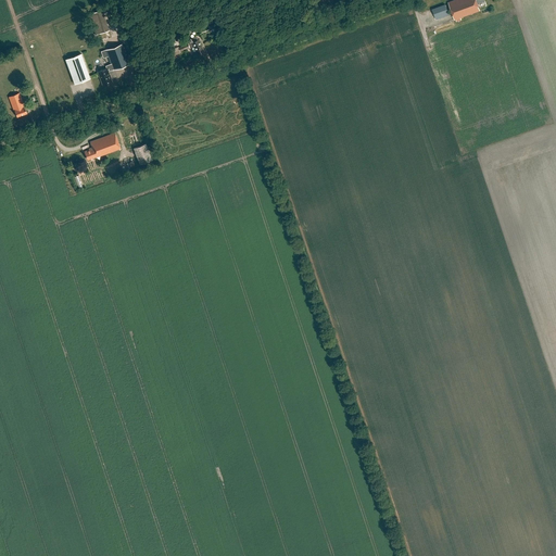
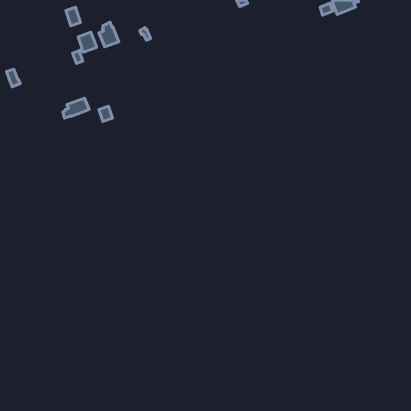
building: none -> [99,22,119,47]
building: [65,53,90,84] -> none

